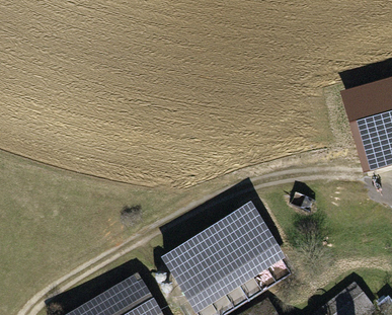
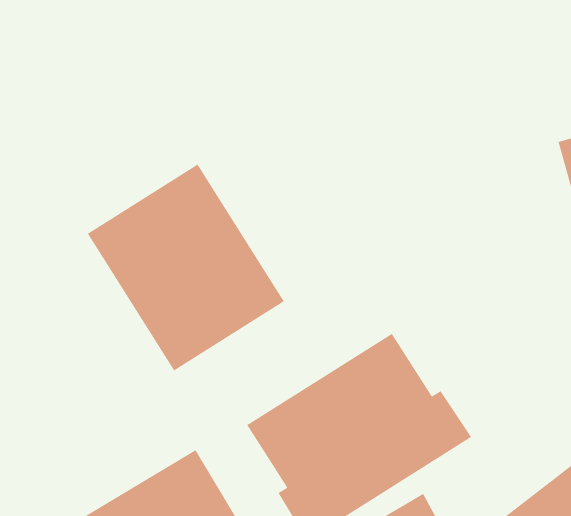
building: none -> [87,164,285,371]

